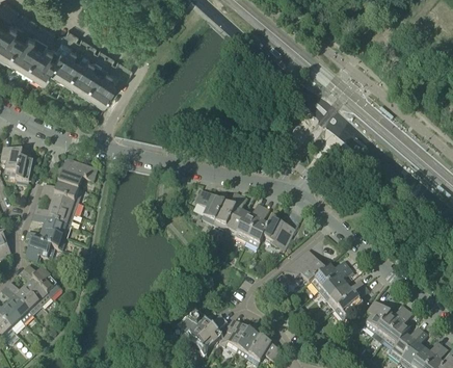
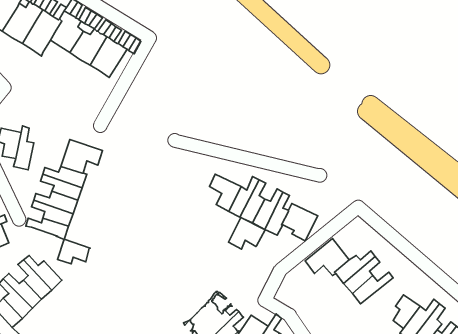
building: none -> [229,218,265,249]
building: [25,238,55,261] -> [58,239,90,264]
building: [335,285,369,319] -> none

